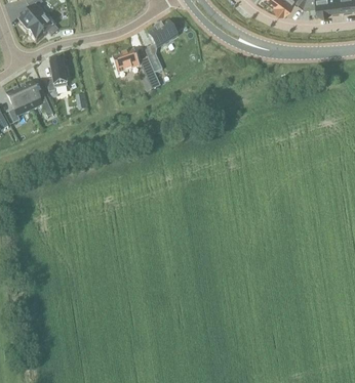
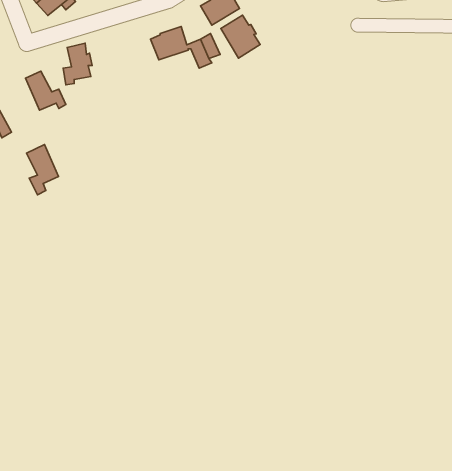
building: none -> [221,15,260,58]
building: [7,88,31,125] -> [26,145,58,195]

